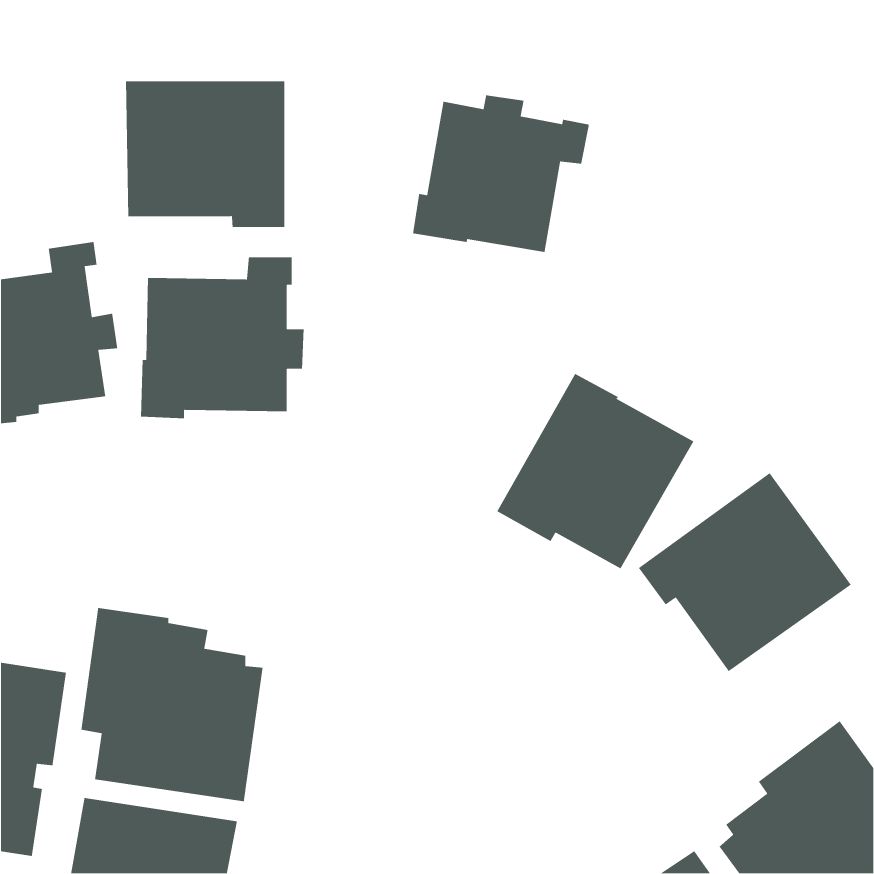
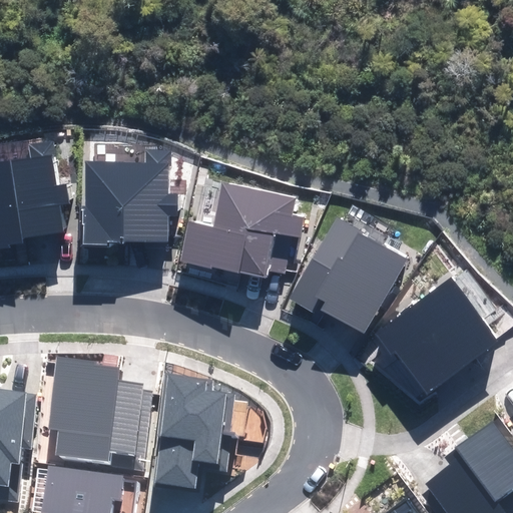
building: [125,80,285,228] -> none
building: [412,94,590,253] -> none
building: none -> [180,182,305,278]
building: none -> [152,373,237,489]

